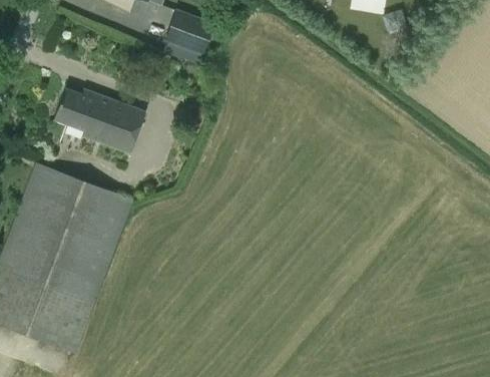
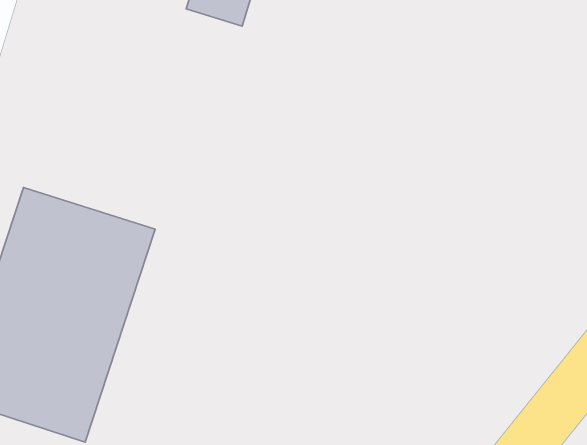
building: [55,88,147,153] -> none

